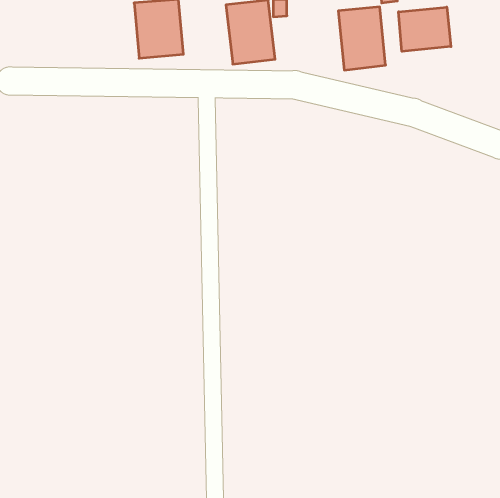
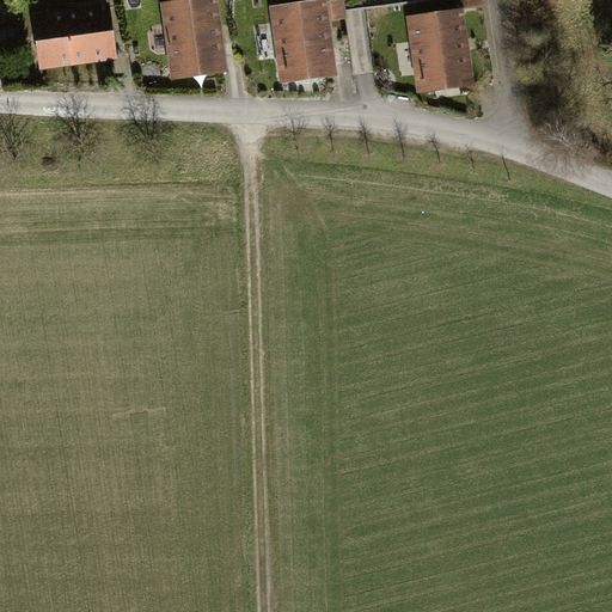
building: none -> [33,6,111,65]
building: [399,7,451,51] -> none

